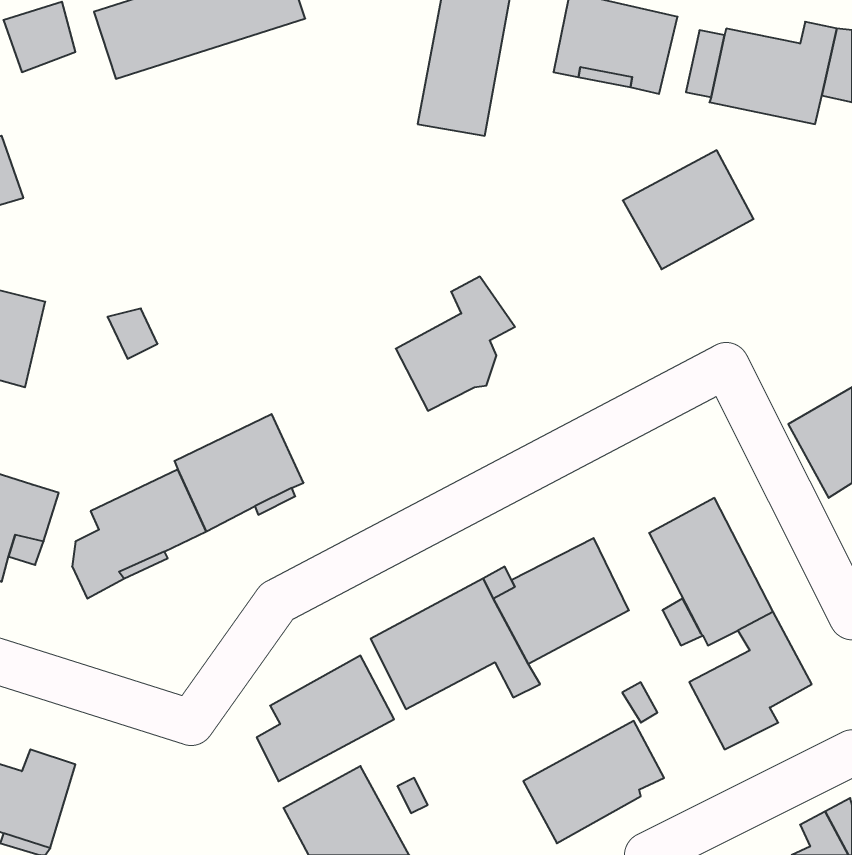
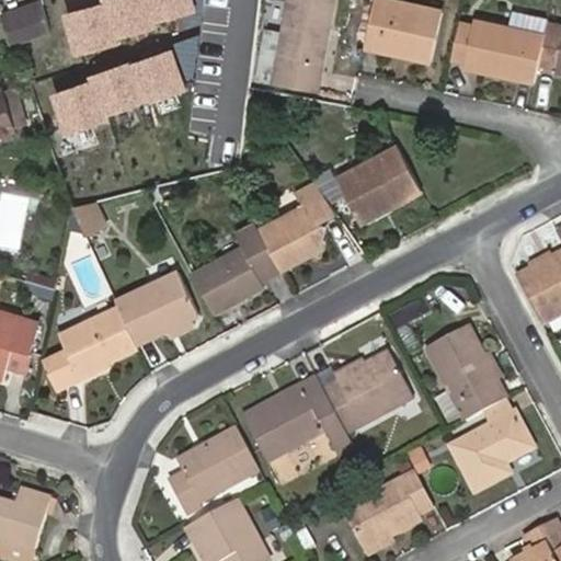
building: none -> [48,43,188,137]
building: [623,150,754,269] -> [335,145,421,222]
building: none -> [191,222,279,312]

